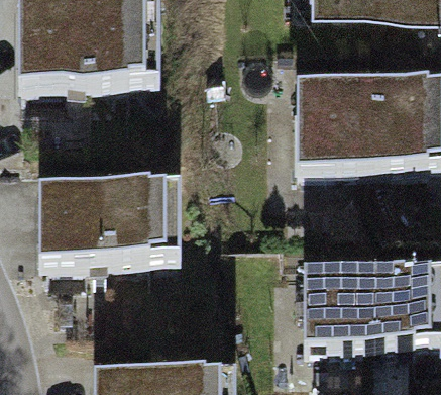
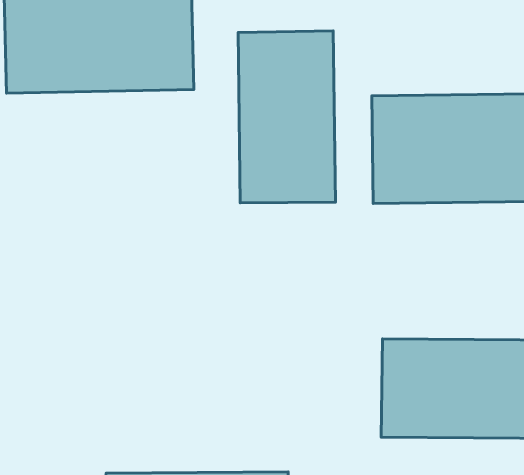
building: none -> [238,31,335,203]
building: [38,187,180,267] -> none

